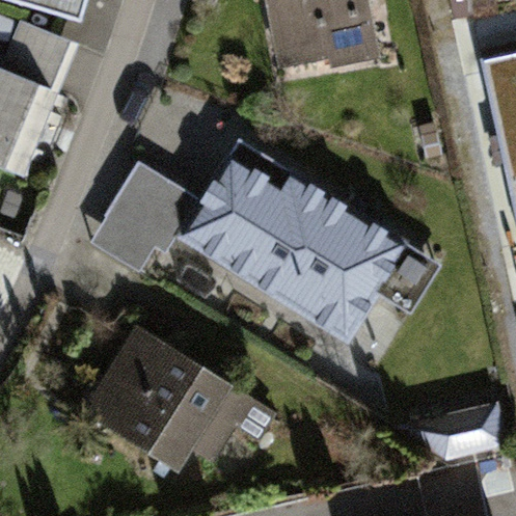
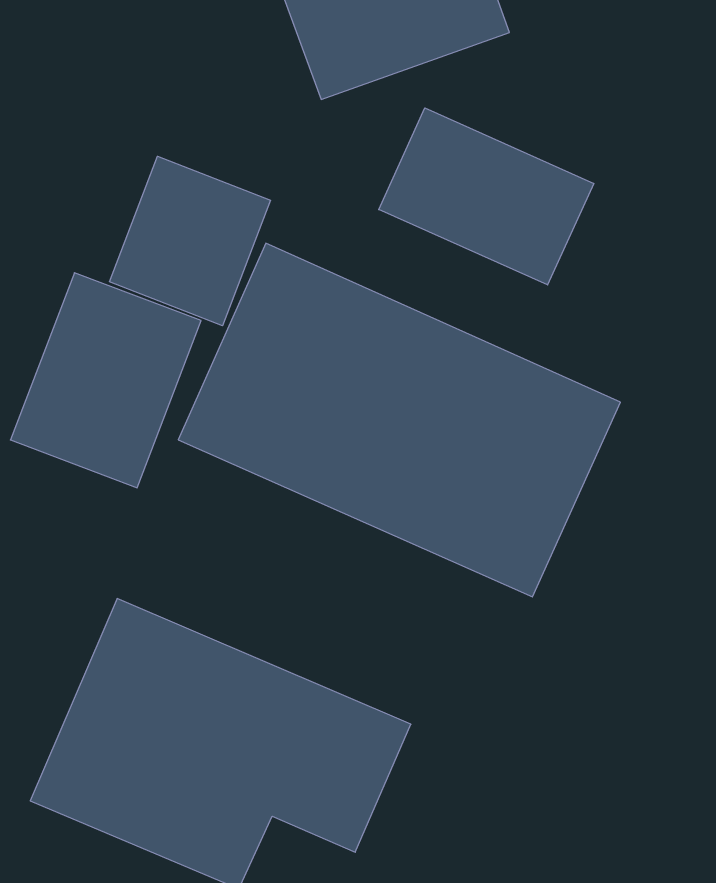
building: none -> [379,108,594,285]
building: none -> [109,156,270,326]

